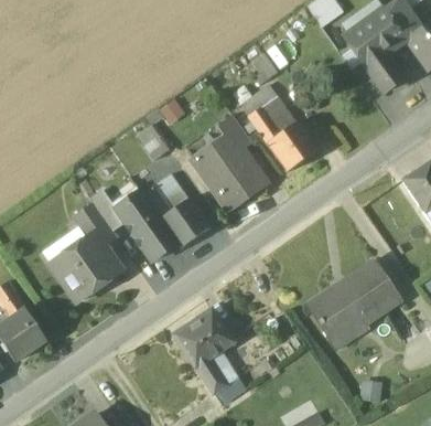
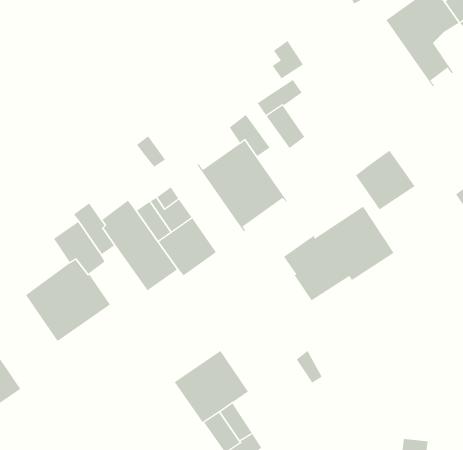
building: [267,121,316,171] -> [355,150,415,210]
building: [309,262,400,340] -> [283,206,394,301]

